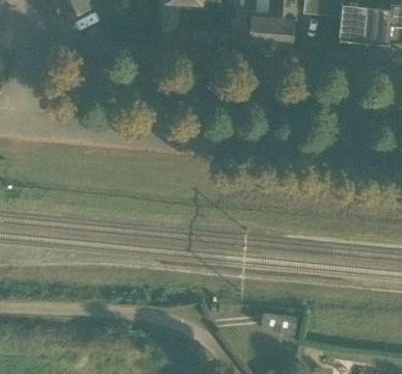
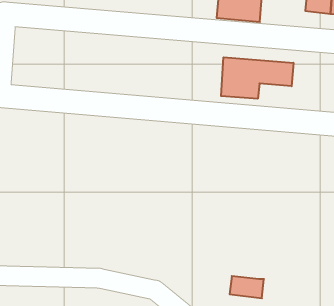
building: none -> [221,57,293,99]

